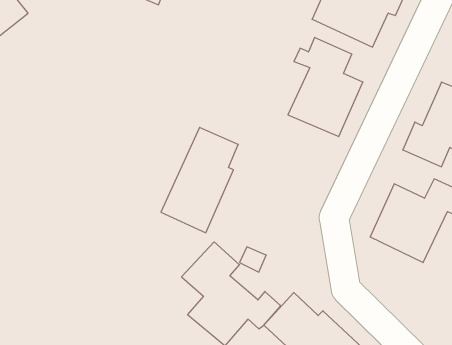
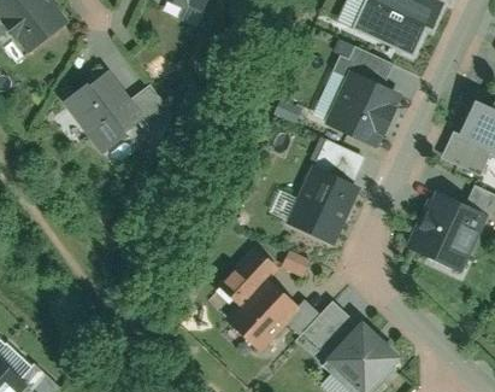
building: none -> [65,65,178,147]
building: [161,127,238,233] -> [287,139,364,244]

